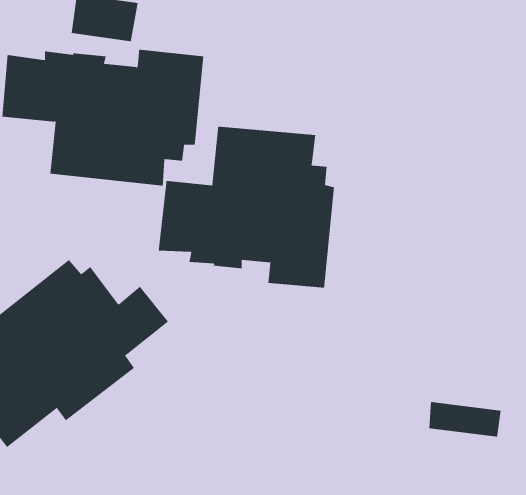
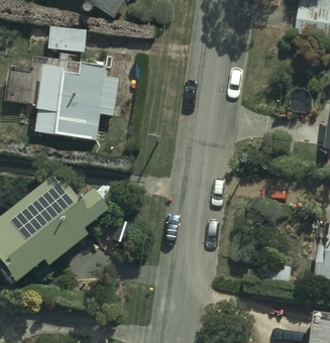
building: [158,126,335,288] -> none

